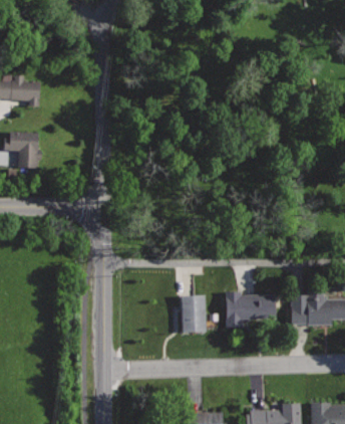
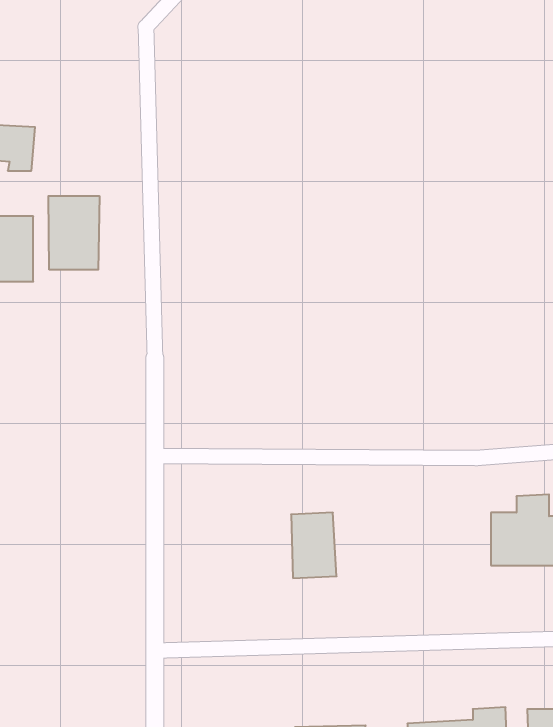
building: none -> [48,196,99,270]
building: [226,291,275,328] -> none

